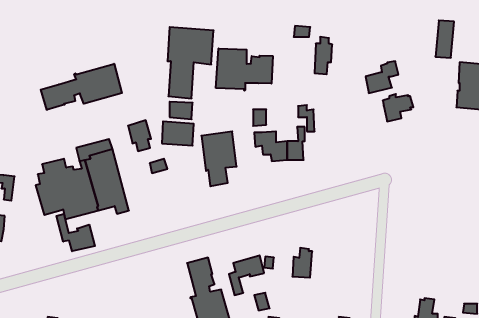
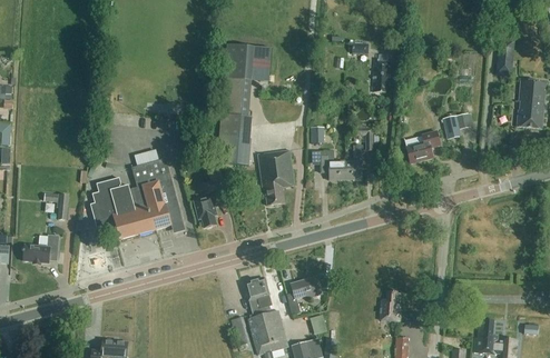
building: [216,48,273,91] -> none
building: [366,61,398,93] -> [406,130,440,162]
building: [41,64,122,110] -> none
building: [128,120,151,151] -> [194,195,217,226]
building: [56,214,95,251] -> none
building: [292,248,312,278] -> [380,289,400,319]

